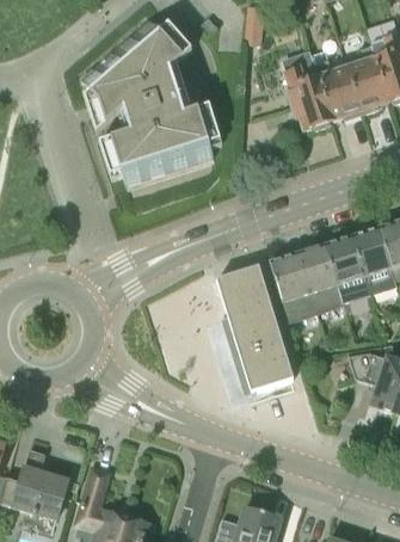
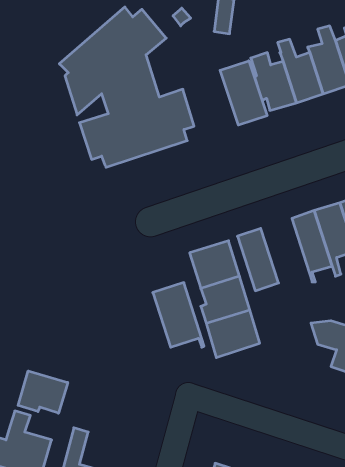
building: none -> [220,61,267,125]
building: [293,242,347,312] -> [153,283,204,347]
building: none -> [18,371,68,413]

